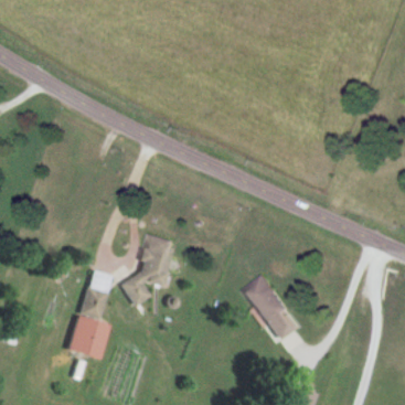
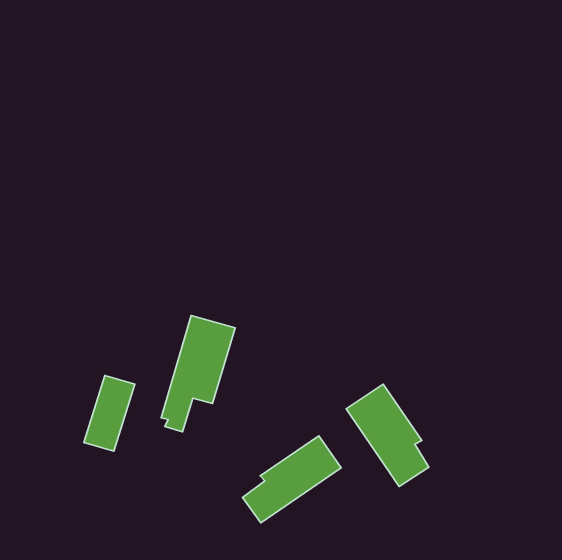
building: none -> [243,436,341,523]
building: [64,316,107,361] -> none

